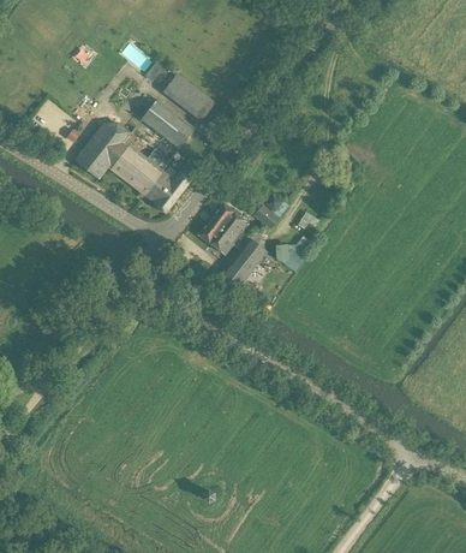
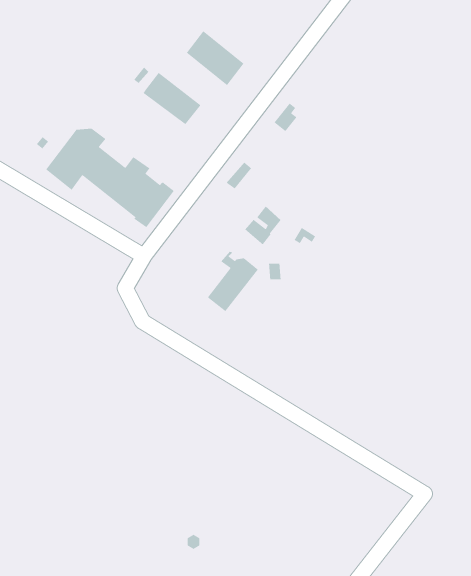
building: [141,99,193,149] -> [186,30,245,86]
building: [198,203,249,254] -> none

